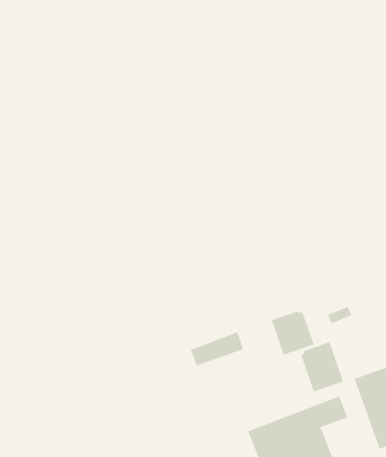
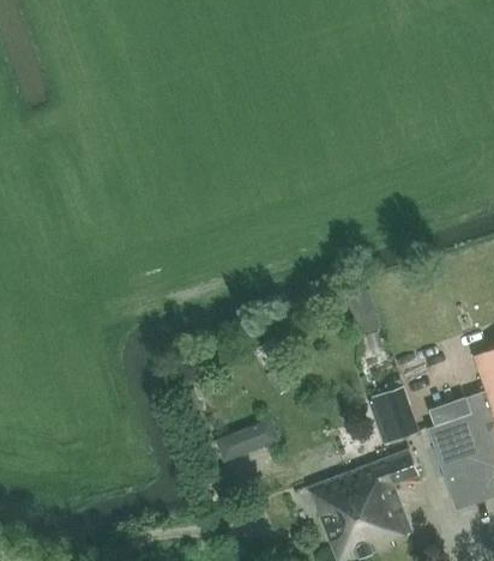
building: [271,310,315,356] -> none
building: [190,331,244,366] -> [217,420,278,459]

